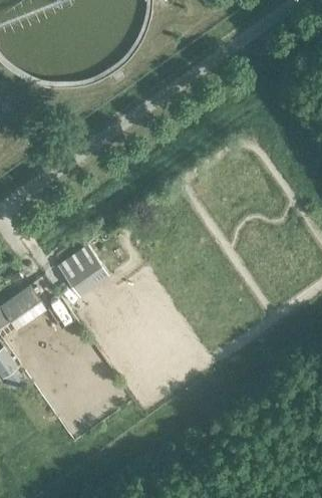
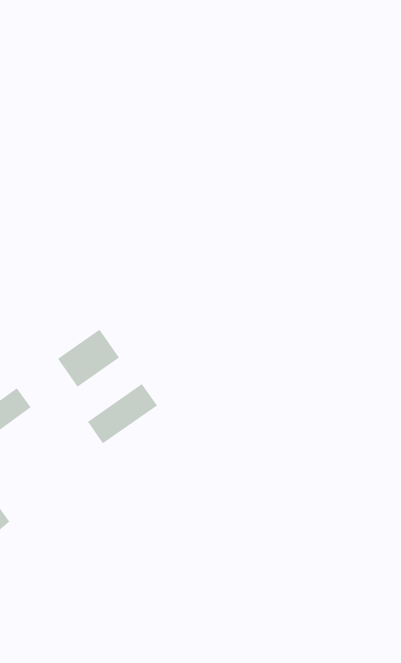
building: none -> [87,383,158,444]

